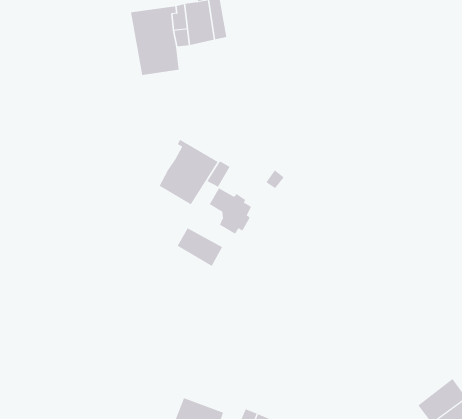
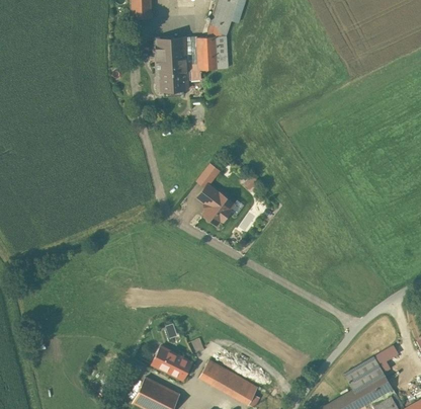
building: [159,139,219,205] -> none
building: [177,228,223,267] -> none

